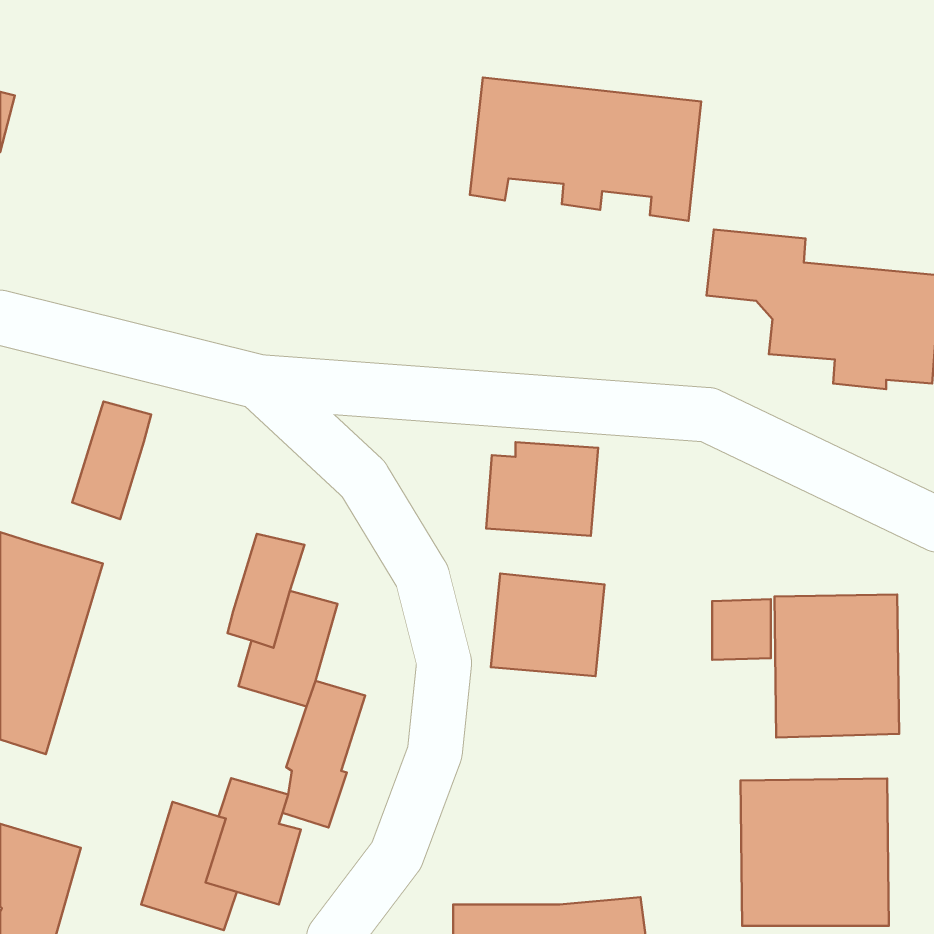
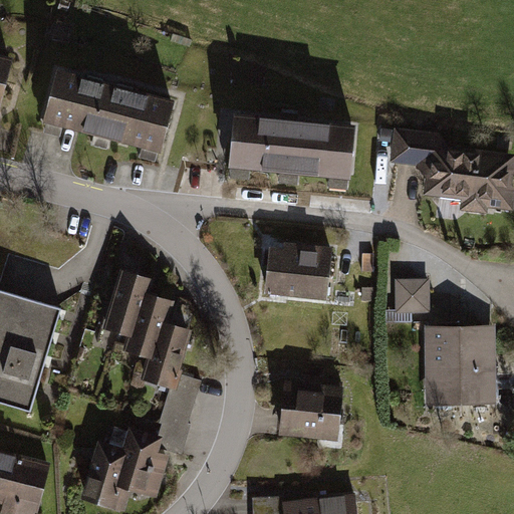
building: [470,78,701,221] -> [227,113,353,192]
building: none -> [39,71,173,165]
building: [72,402,151,519] -> [103,272,147,336]
building: [491,574,605,676] -> [279,381,341,438]
building: [712,599,771,660] -> [396,278,428,311]
building: [740,779,889,926] -> none

